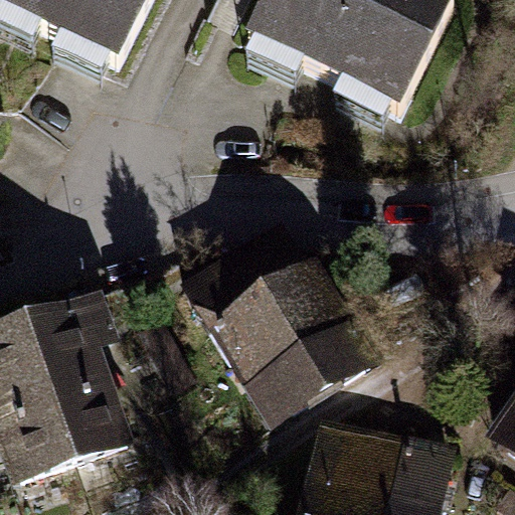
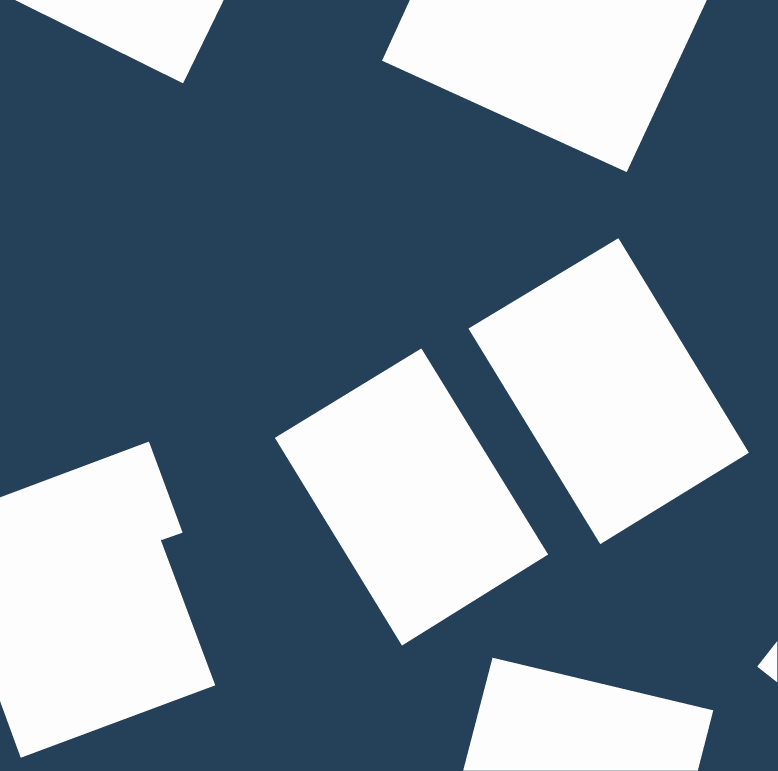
building: none -> [468,237,750,545]

